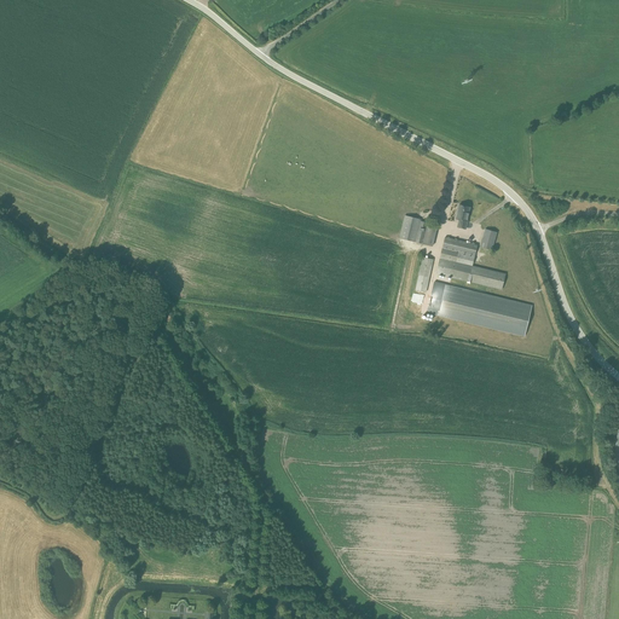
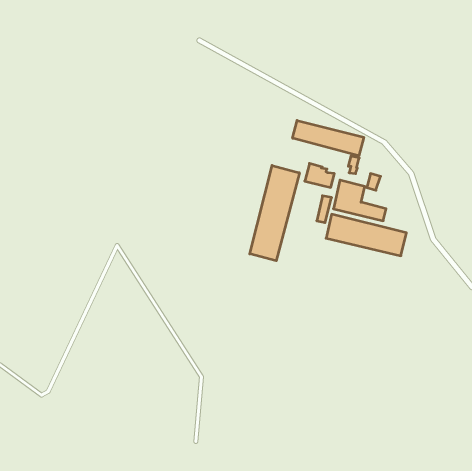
building: none -> [293,120,364,156]
building: none -> [250,165,299,261]

